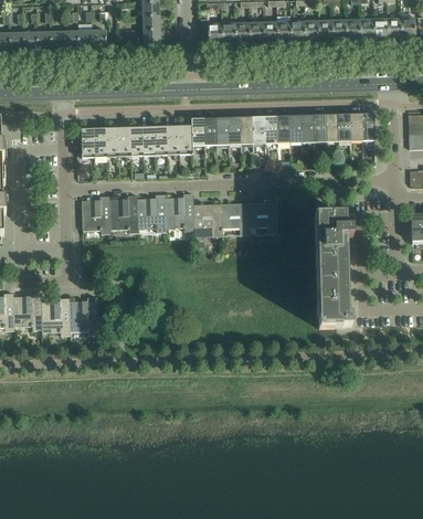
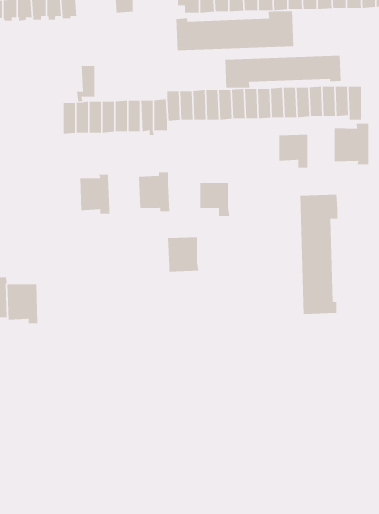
building: none -> [176,10,294,51]
building: none -> [225,55,341,89]
building: [76,128,94,162] -> [76,65,95,102]
building: none -> [334,123,369,165]
building: [137,194,166,232] -> none
building: [82,195,110,233] -> none
building: [250,202,277,234] -> [279,134,308,168]
building: [193,203,223,236] -> [167,237,199,272]
building: [70,297,98,336] -> none

